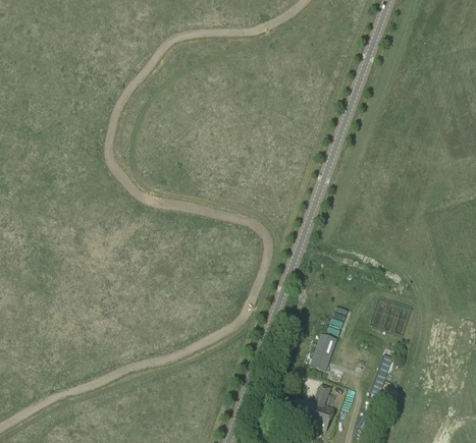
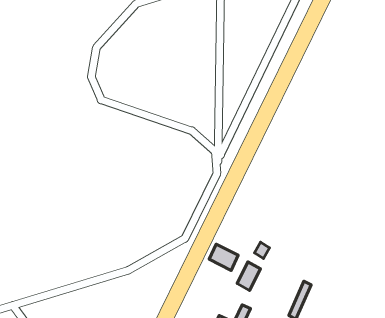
building: none -> [209,244,238,270]

